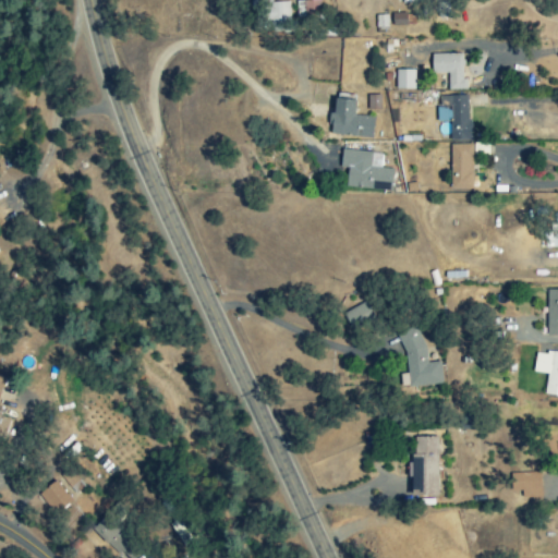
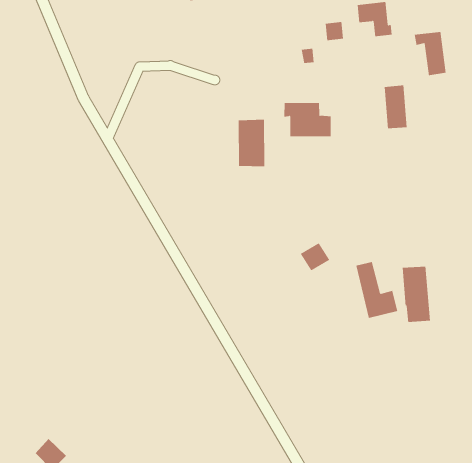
building: [335,93,377,138] -> none
building: [441,95,472,141] -> [414,31,446,76]
building: none -> [238,119,265,167]
building: [413,436,440,496] -> [402,266,431,322]

